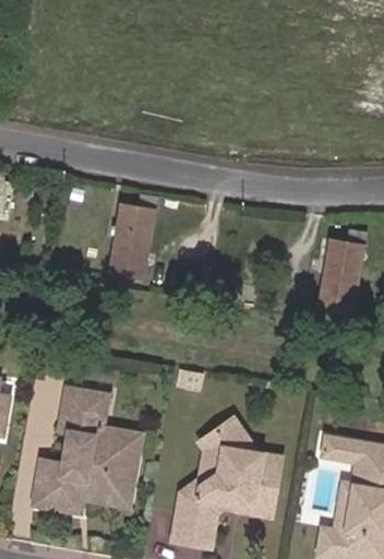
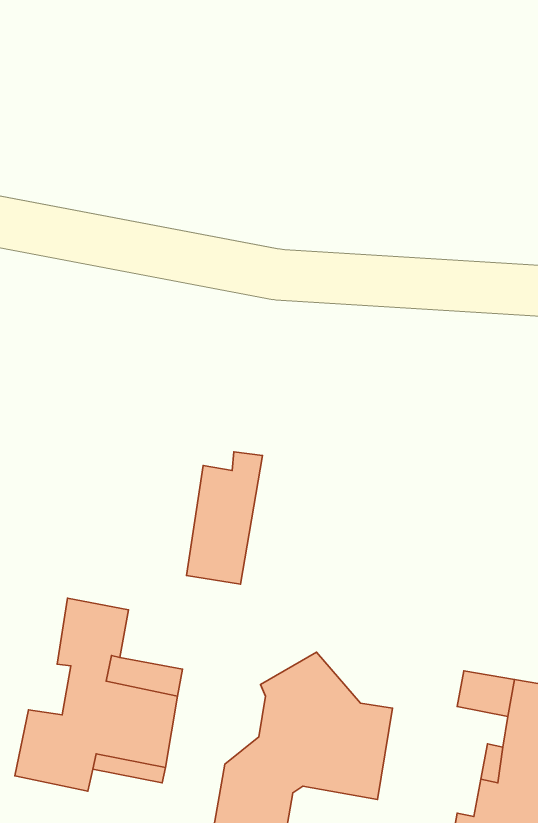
building: [110,194,159,280] -> [186,452,263,584]
building: [317,229,365,314] -> none

